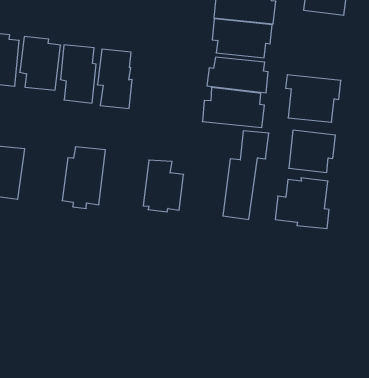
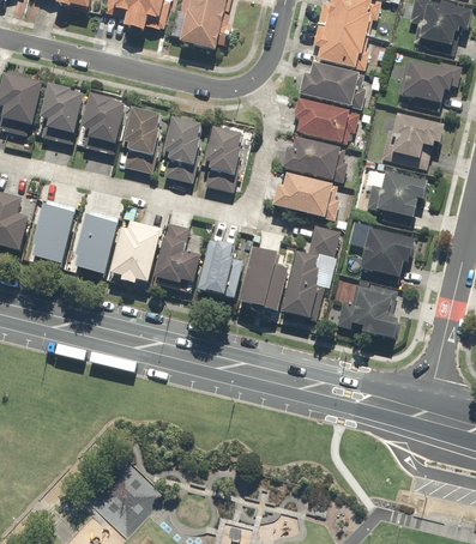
building: none -> [381,113,444,167]
building: none -> [203,126,243,189]
building: none -> [152,217,200,284]
building: none -> [71,214,118,274]
building: none -> [236,243,288,313]

